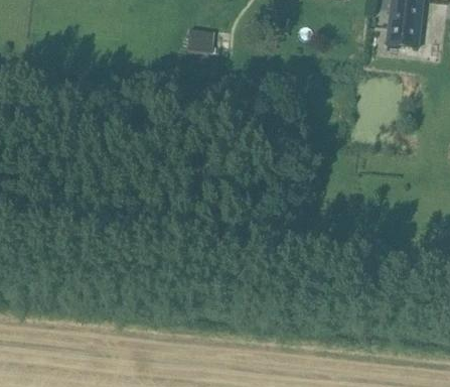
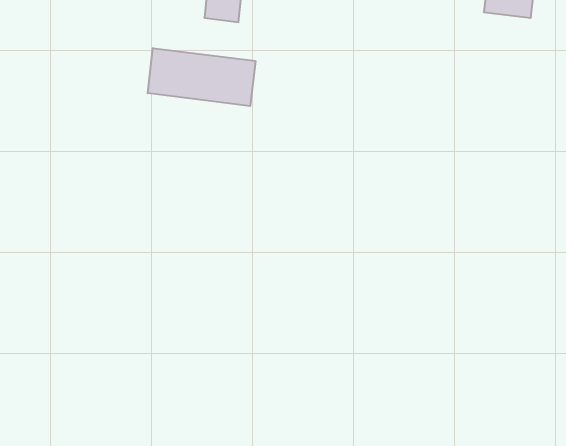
building: none -> [148,48,255,106]

